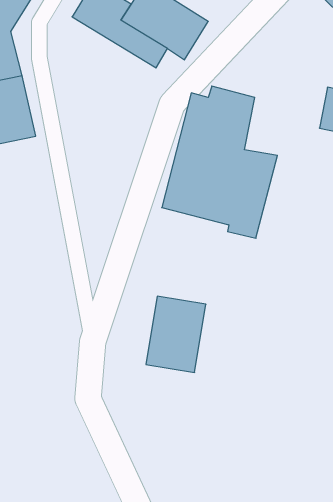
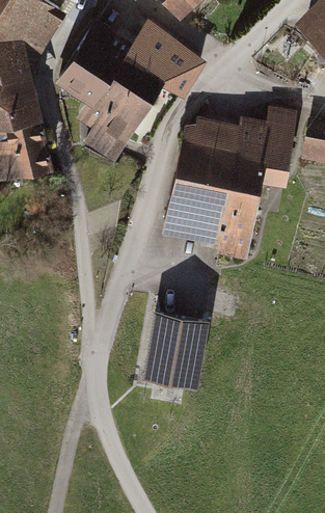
building: none -> [57,55,154,165]
building: none -> [235,109,301,186]

